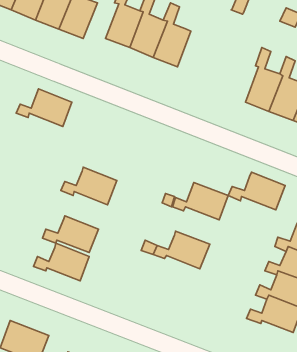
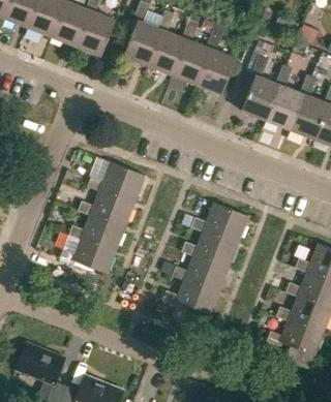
building: none -> [197,29,236,94]
building: none -> [241,56,279,121]
building: [16,89,72,126] -> [87,162,144,200]
building: [228,172,285,210] -> [181,227,239,266]
building: [34,243,89,281] -> [68,212,125,250]
building: none -> [162,277,219,315]

